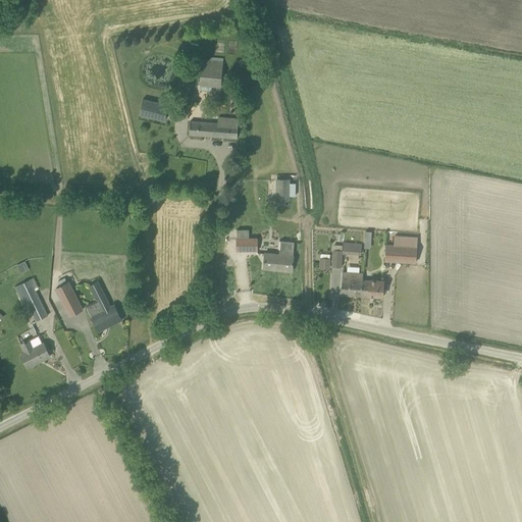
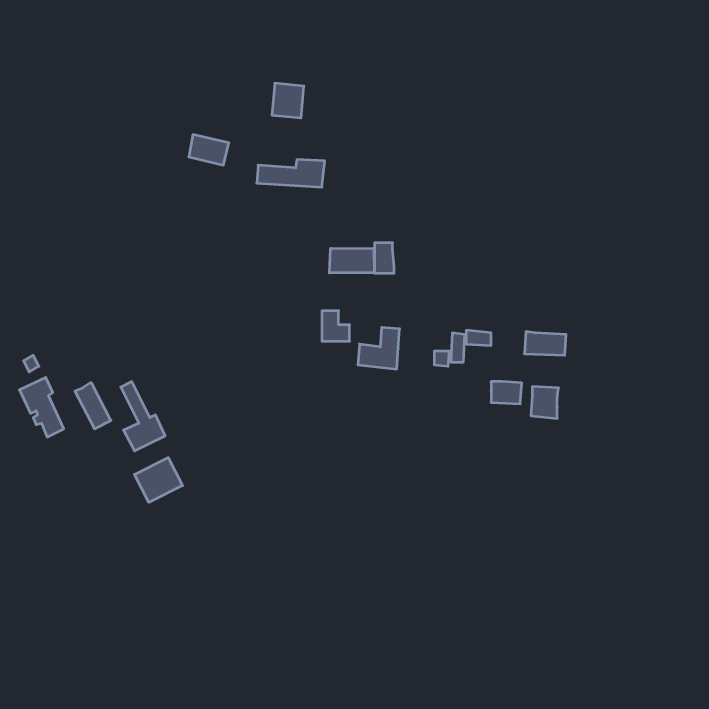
building: none -> [329,248,374,273]
building: [342,272,362,296] -> [531,387,559,418]
building: [20,334,50,368] -> none
building: none -> [134,458,183,502]

